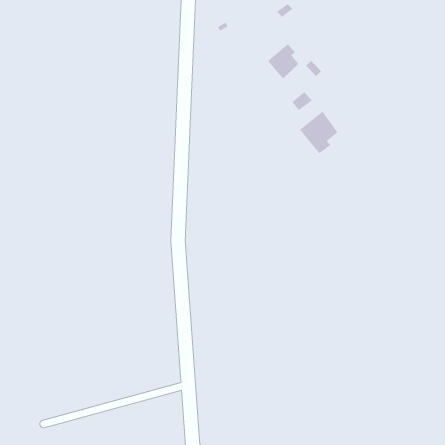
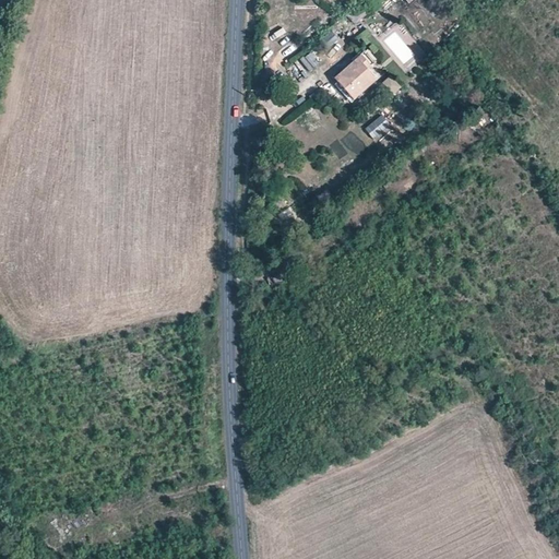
building: [299,111,338,154] -> none

